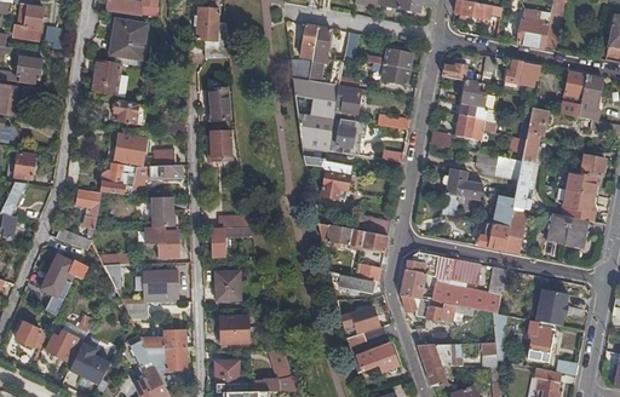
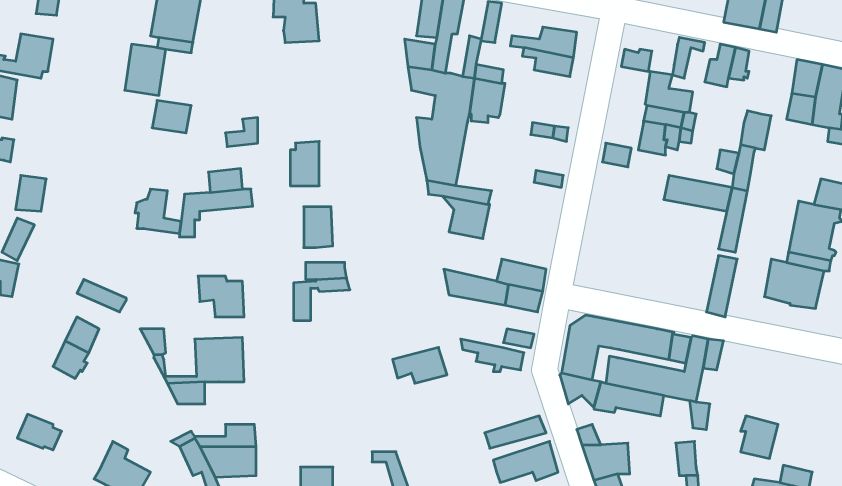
building: [208,87,230,121] -> none
building: [328,116,368,154] -> none
building: [113,134,144,166] -> none
building: [441,167,482,215] -> none
building: [76,189,101,235] -> none
building: [154,196,174,225] -> [304,207,333,248]
building: [475,205,512,251] -> none
building: [214,271,237,299] -> none
building: [534,289,567,328] -> none
building: [340,305,379,330] -> [393,347,447,383]
building: [219,316,247,343] -> none
building: [45,333,85,363] -> none

